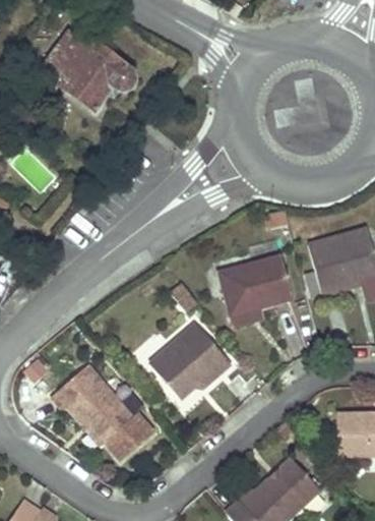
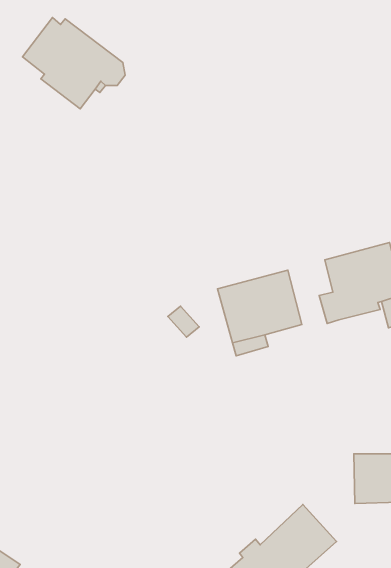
building: [149,324,232,400] -> none
building: [51,365,155,463] -> none

